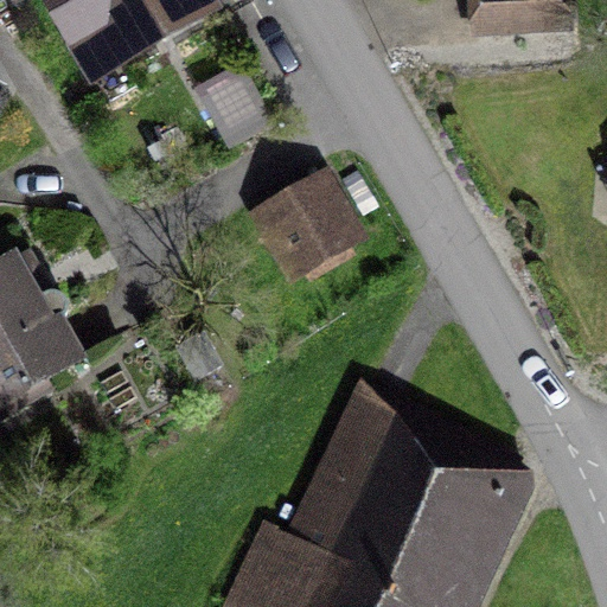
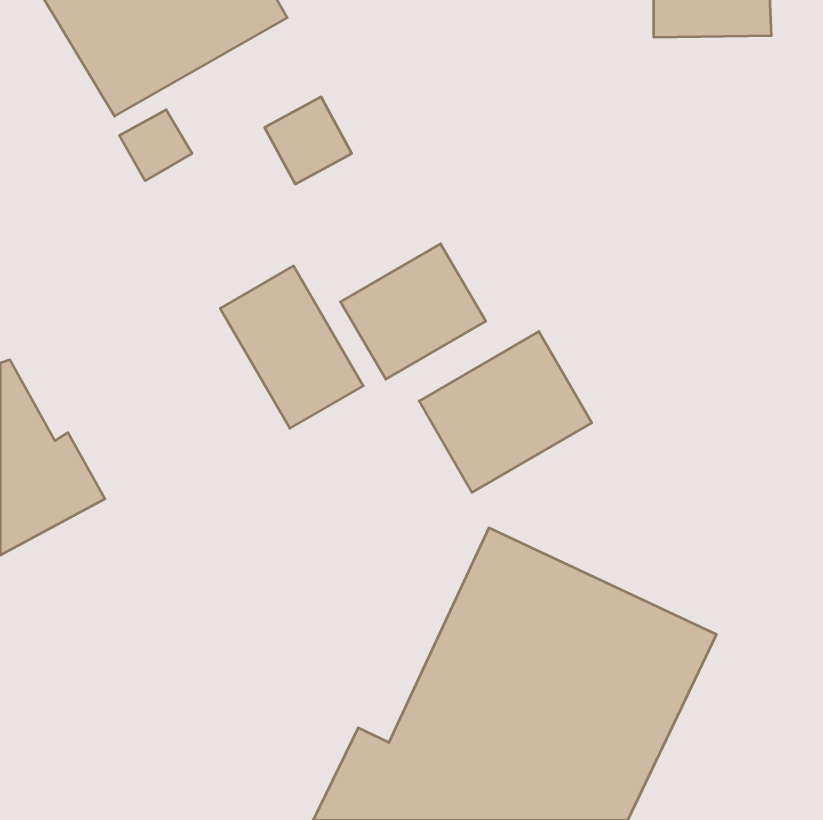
building: none -> [220,266,363,428]
building: none -> [419,331,592,492]

